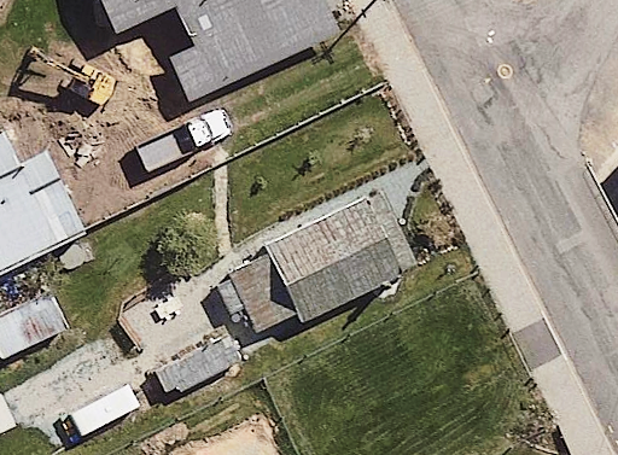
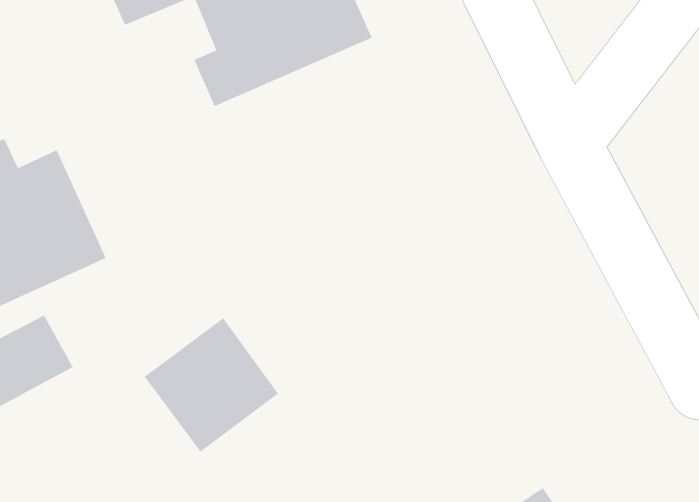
building: [206,187,408,346] -> none

